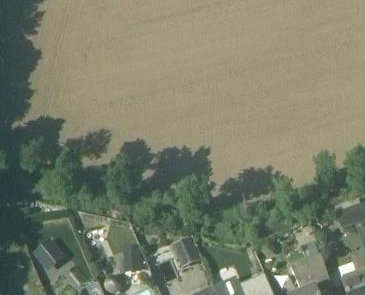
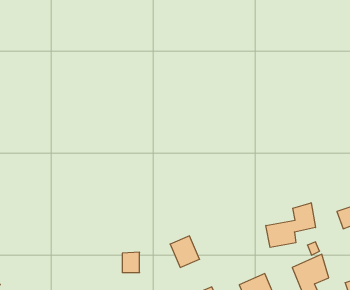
building: none -> [266,203,315,247]
building: [31,235,64,269] -> none

